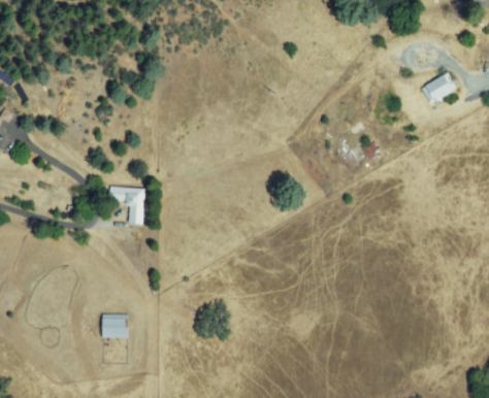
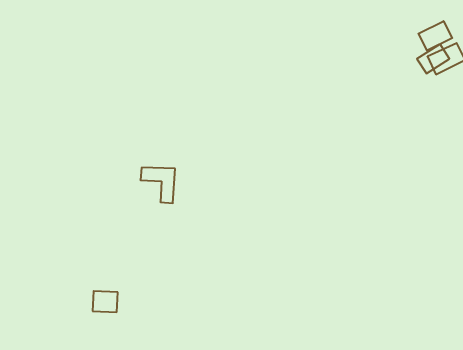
building: none -> [418,21,452,51]
building: [108,188,142,223] -> [140,168,175,203]

